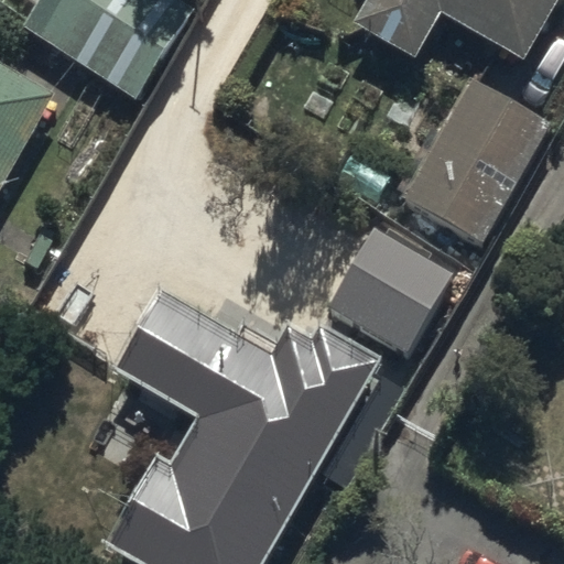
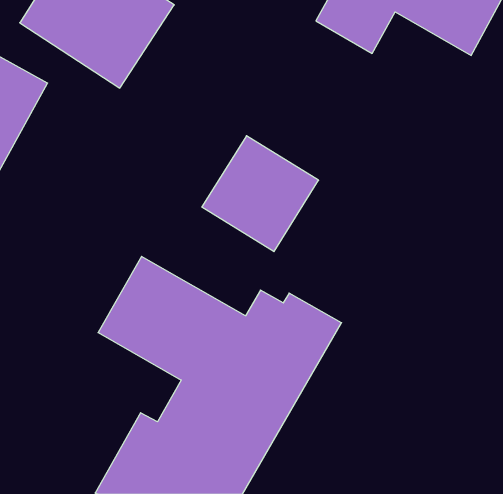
building: [399,77,550,245] -> none
building: [325,225,455,354] -> [202,136,319,252]

